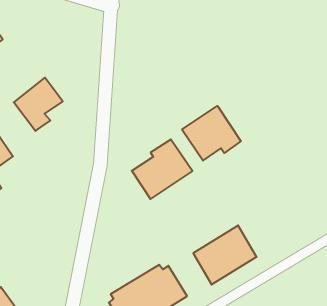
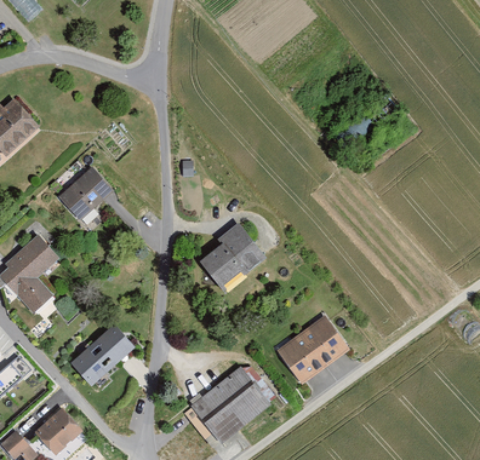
building: [182,106,241,161] -> none
building: none -> [74,324,137,387]

